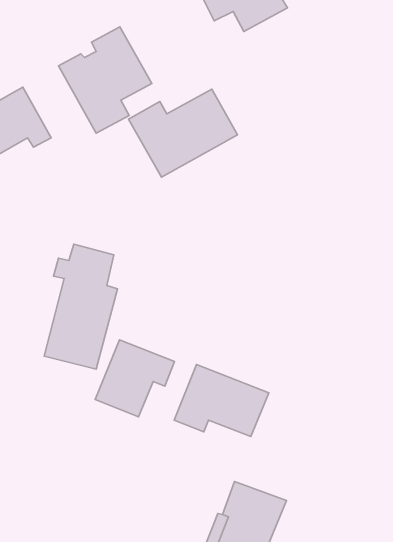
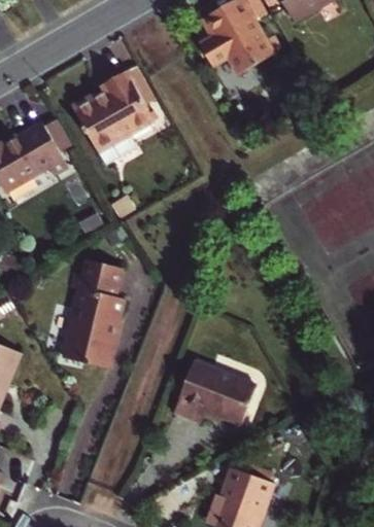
building: [129,89,238,177] -> none
building: [95,340,175,417] -> none

